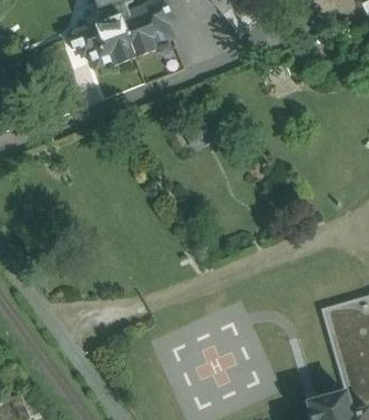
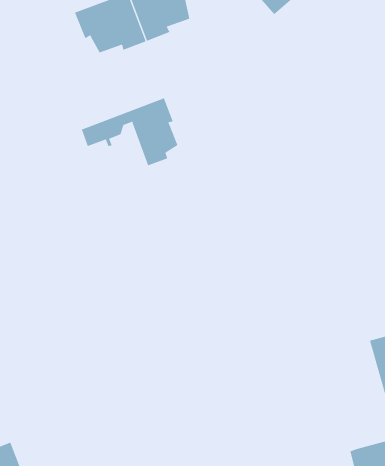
building: none -> [81,97,178,166]

